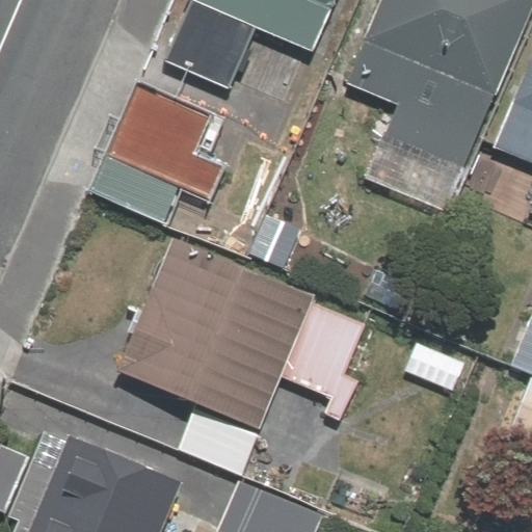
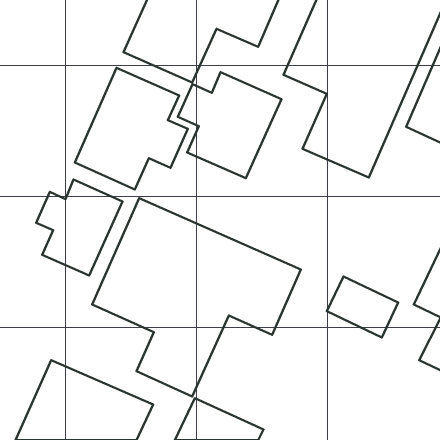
building: none -> [178,72,281,178]
building: none -> [36,180,123,276]

